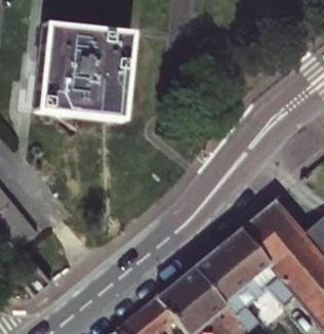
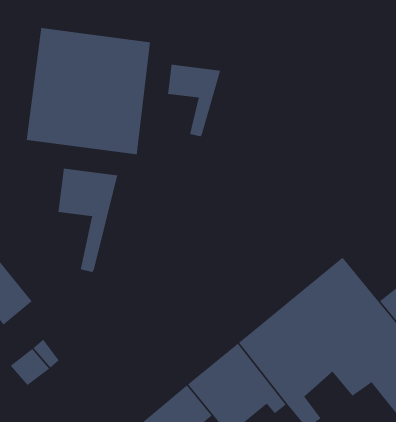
building: none -> [167,64,221,137]
building: none -> [58,168,118,273]

